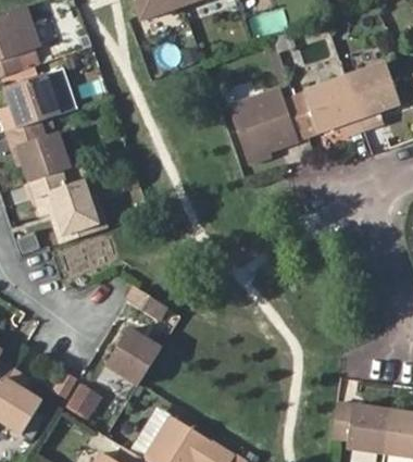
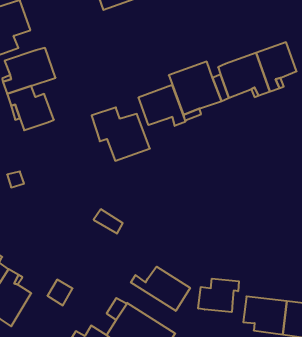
building: none -> [139,85,185,126]
building: [34,170,112,241] -> [92,107,150,161]
building: [109,329,163,386] -> none
building: none -> [131,267,190,311]
building: none -> [198,279,239,312]

